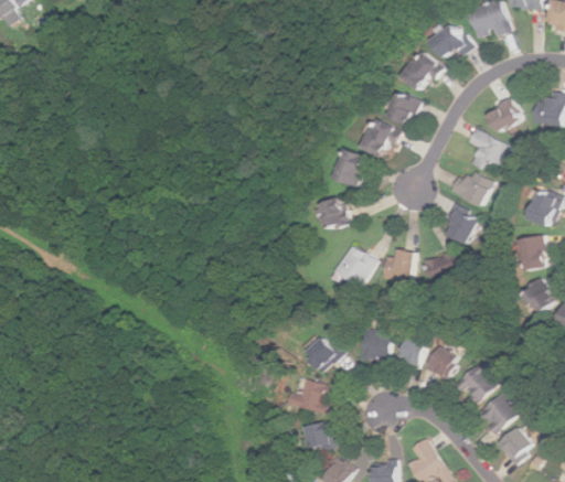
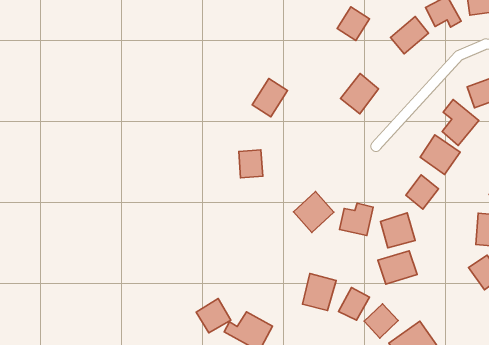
building: [387,90,418,124] -> [337,7,370,41]
building: [332,146,365,184] -> [252,78,288,117]
building: [320,196,349,228] -> [239,150,263,178]
building: none -> [378,251,417,284]
building: [303,334,340,371] -> [196,298,231,333]

